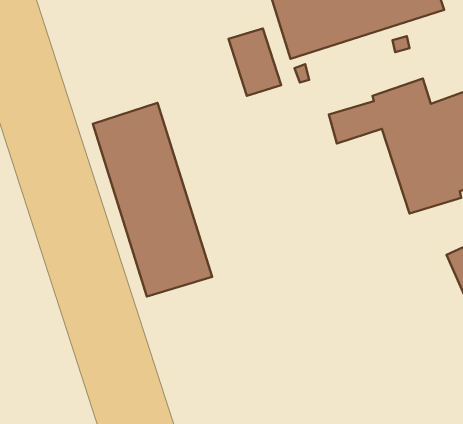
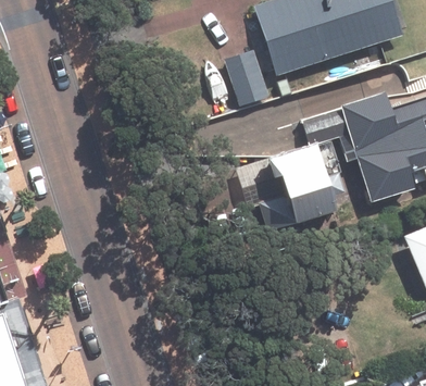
building: [93,103,212,296] -> none
building: none -> [254,147,340,233]

